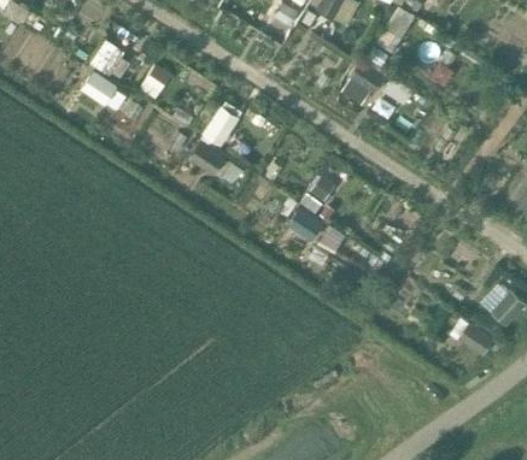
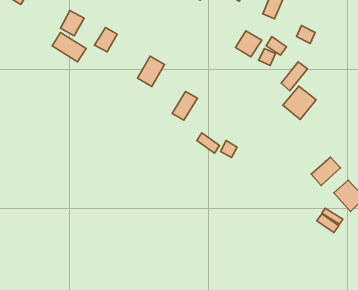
building: none -> [283,86,316,119]
building: [300,171,336,212] -> [172,91,197,120]
building: none -> [311,157,341,186]

